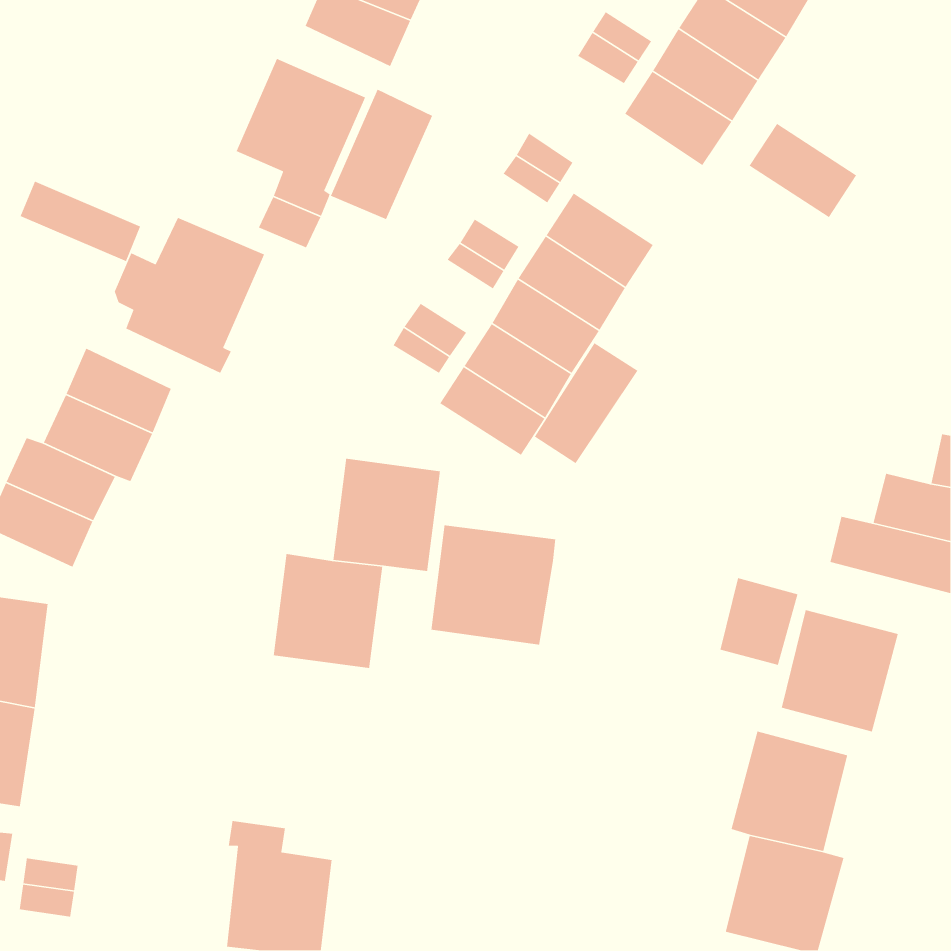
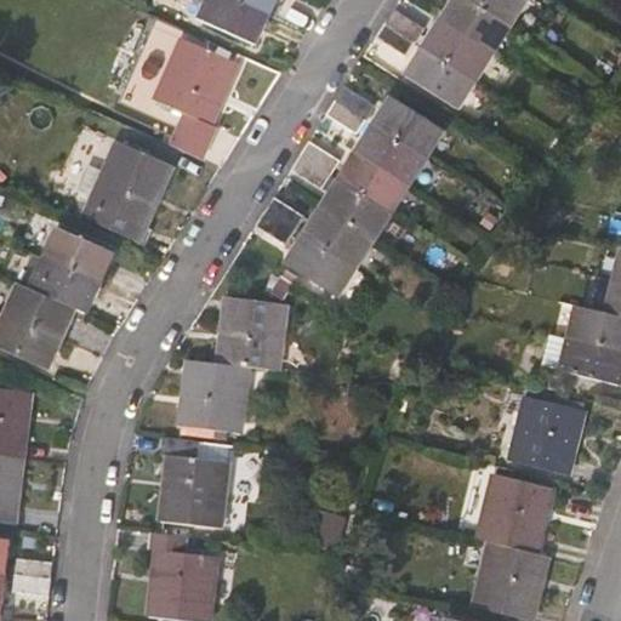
building: [330,88,433,220] -> none
building: [749,123,857,218] -> [372,97,443,159]
building: [20,181,141,262] -> none
building: [534,342,639,464] -> none
building: [430,524,556,646] -> none
building: [720,577,798,666] -> none
building: none -> [158,437,227,529]

